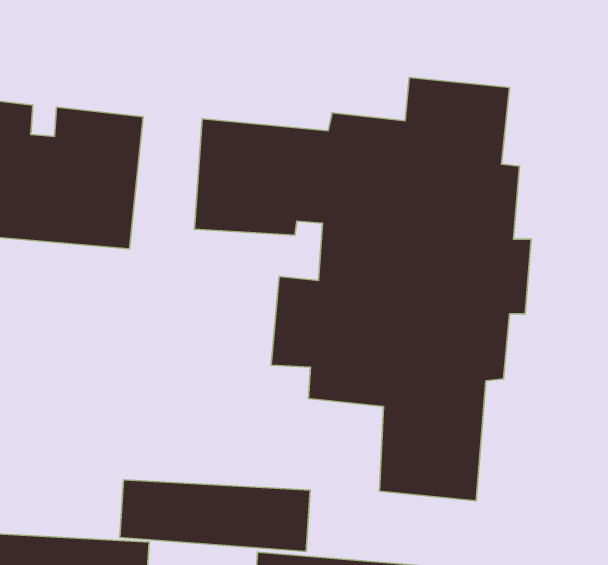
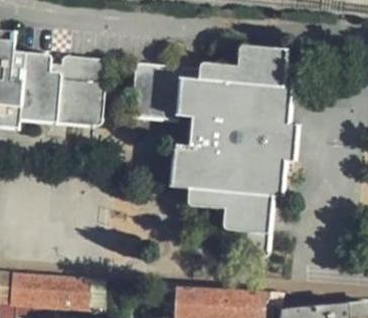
building: [120,480,310,552] -> none

